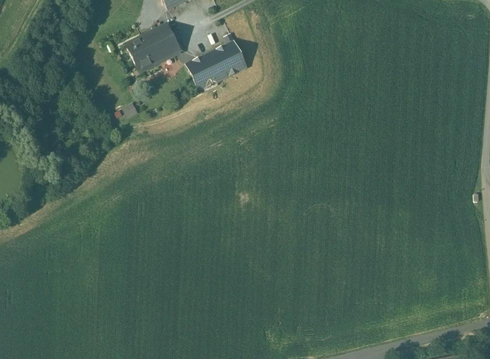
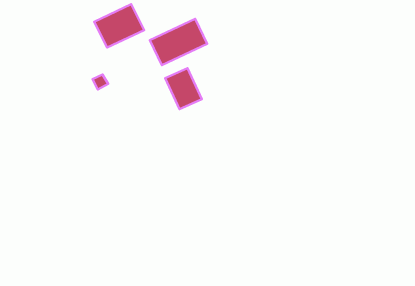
building: none -> [165,68,202,109]

